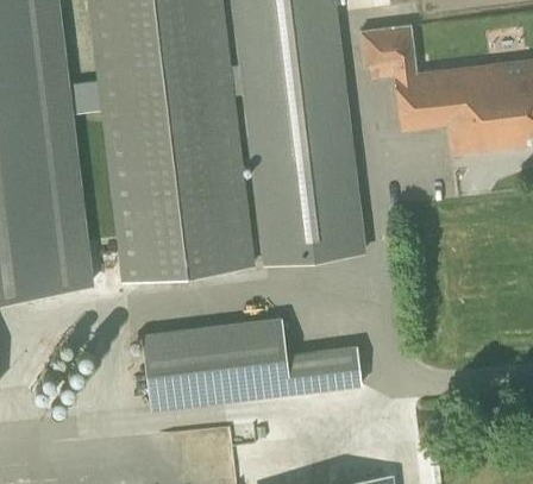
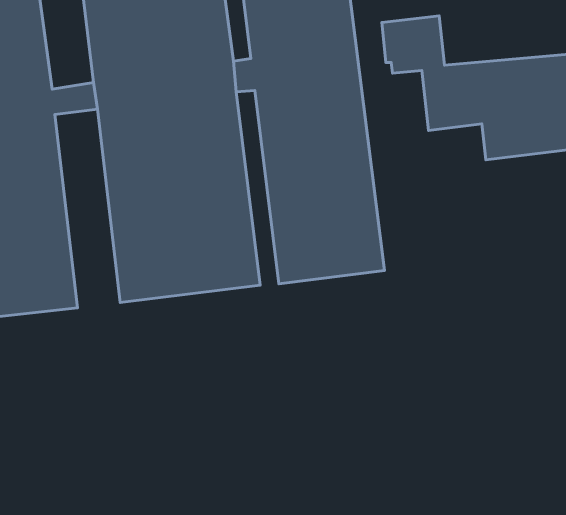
building: [143,321,362,413] -> none

